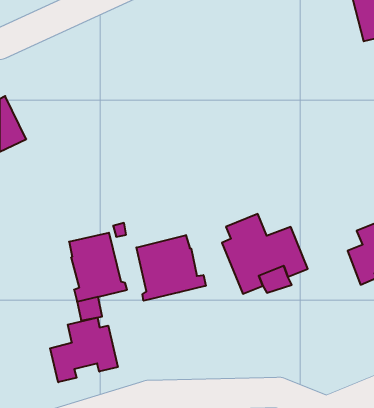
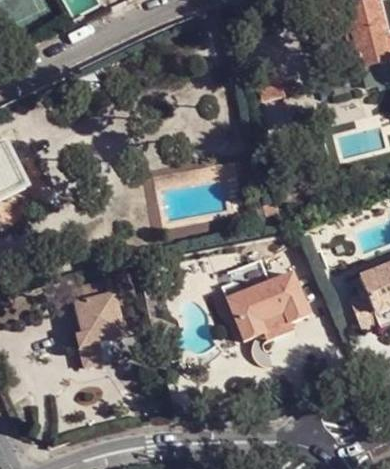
building: [136,235,206,301] -> none
building: [50,318,118,382] -> none

